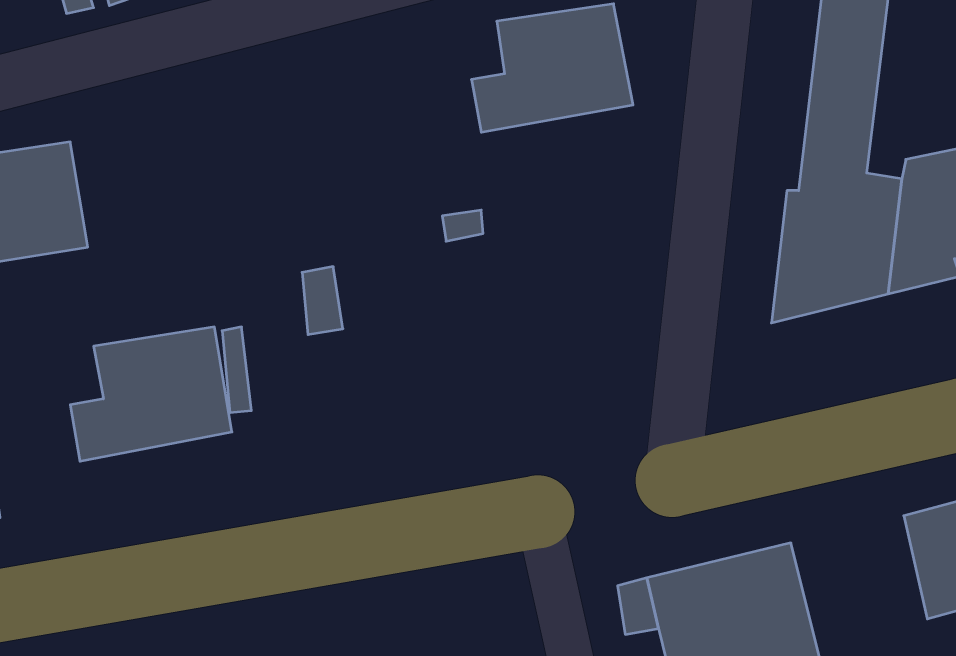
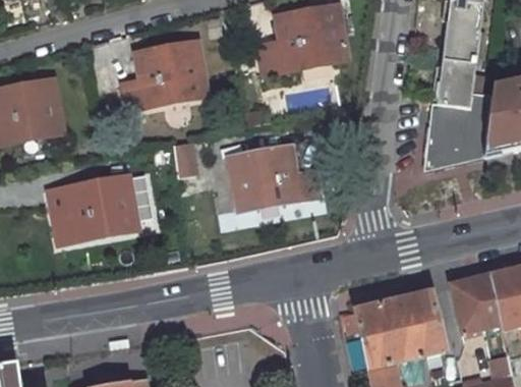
building: none -> [122,42,208,110]
building: none -> [230,145,319,212]
building: none -> [452,274,504,338]

